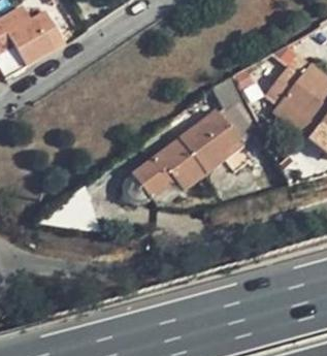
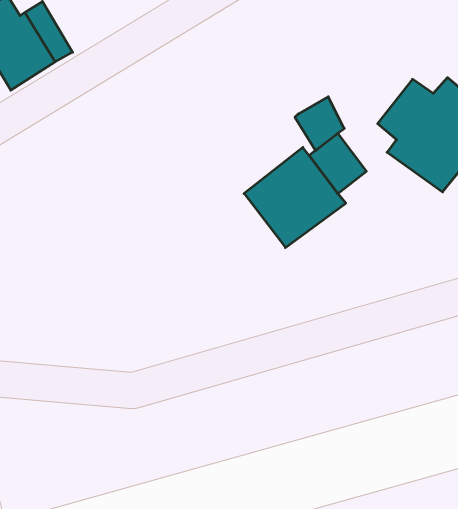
building: [130,137,203,198] -> none

